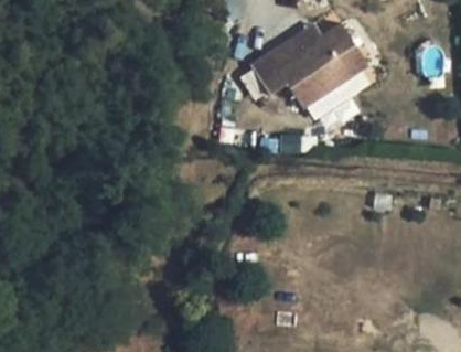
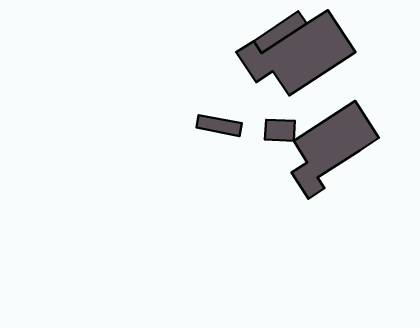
building: none -> [292,101,379,199]

